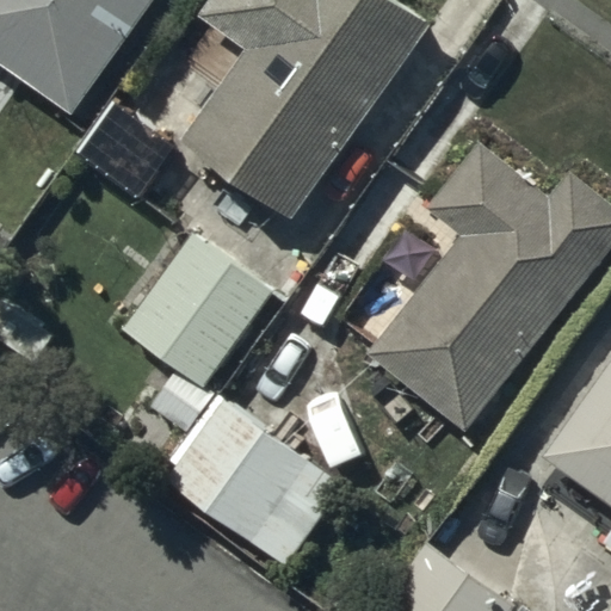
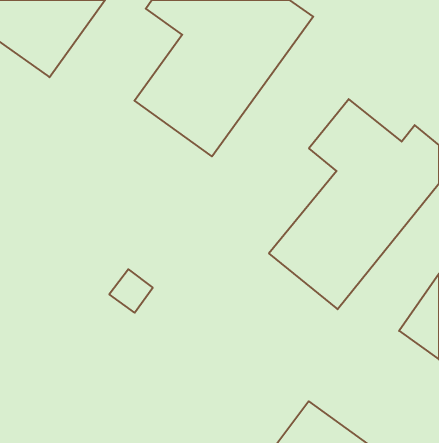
building: [125,236,273,385] -> none
building: [166,403,339,566] -> none

